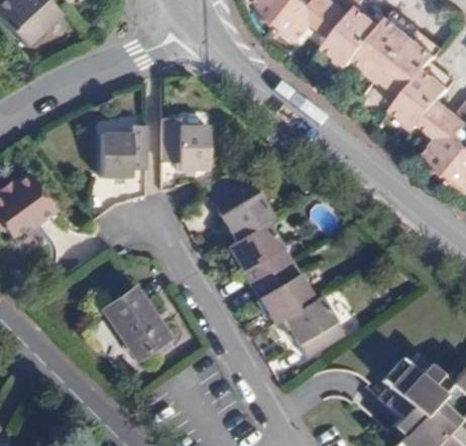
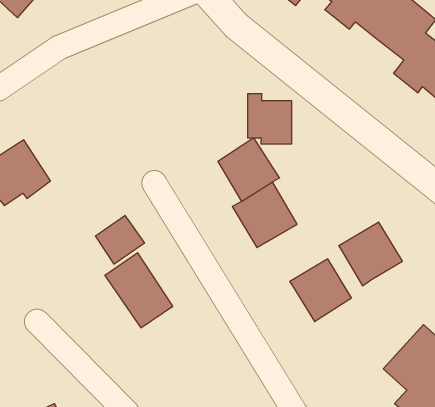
building: [161,115,205,164] -> [248,94,292,144]
building: [96,123,144,171] -> none
building: none -> [95,215,145,264]
building: [254,259,317,321] -> [339,222,402,286]

